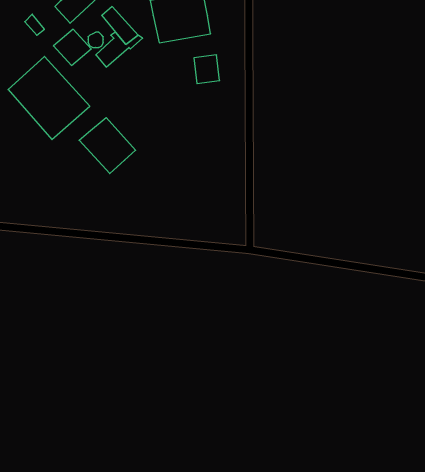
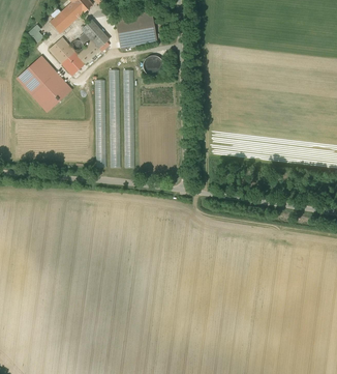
building: [79,118,136,174] -> none

